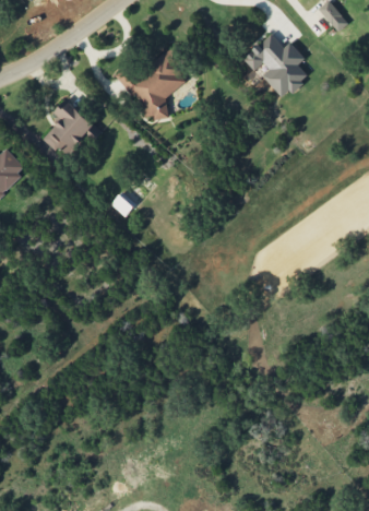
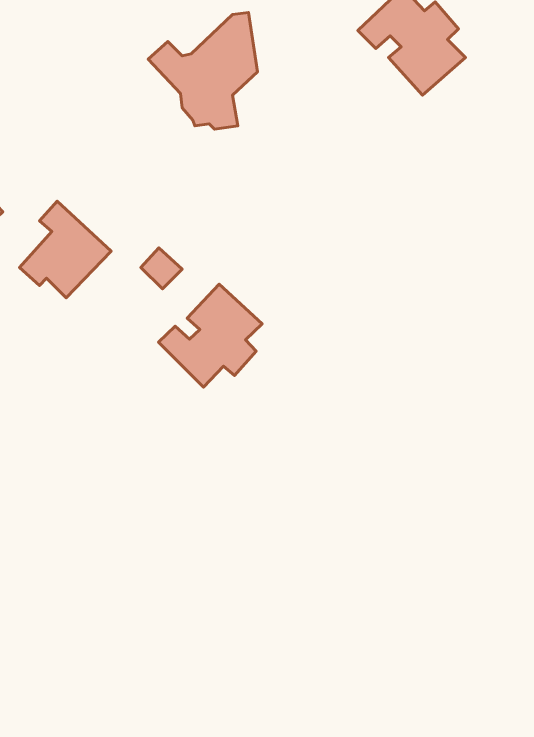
building: [43,99,98,158] -> [20,201,111,298]
building: none -> [158,284,262,387]

